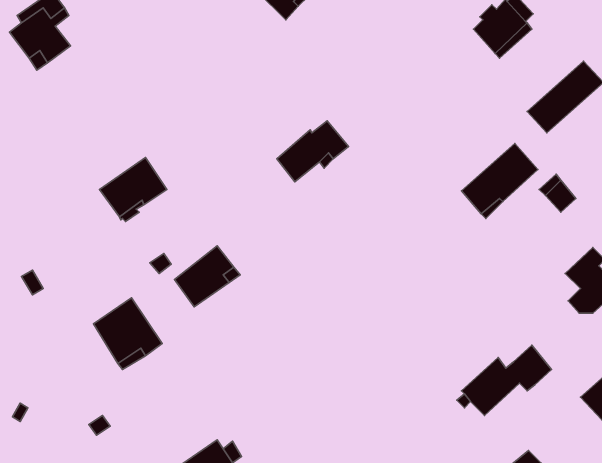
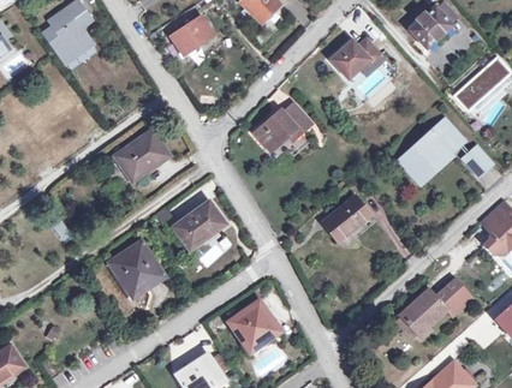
building: none -> [171,14,213,54]
building: none -> [332,40,379,77]
building: none -> [325,195,370,240]
building: none -> [230,302,279,352]

